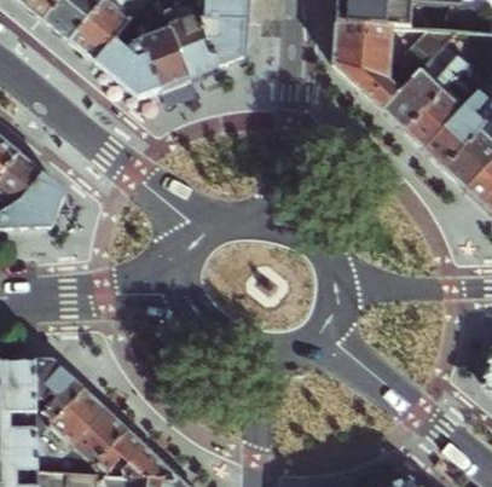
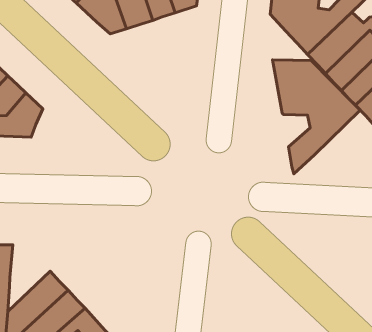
building: none -> [272,60,360,174]
building: [36,359,85,440] -> none

